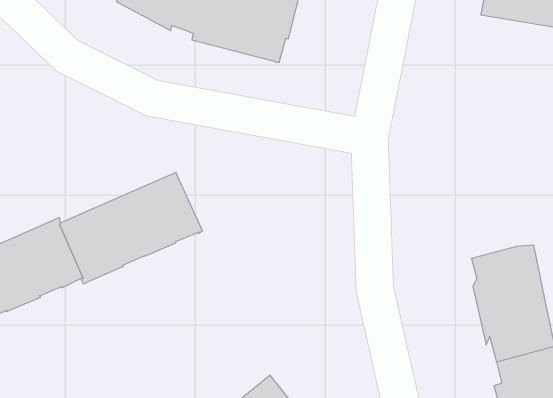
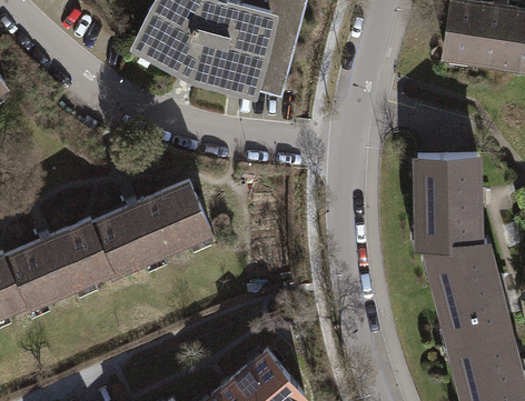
building: none -> [418,154,476,257]

